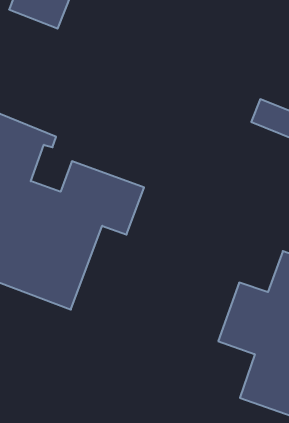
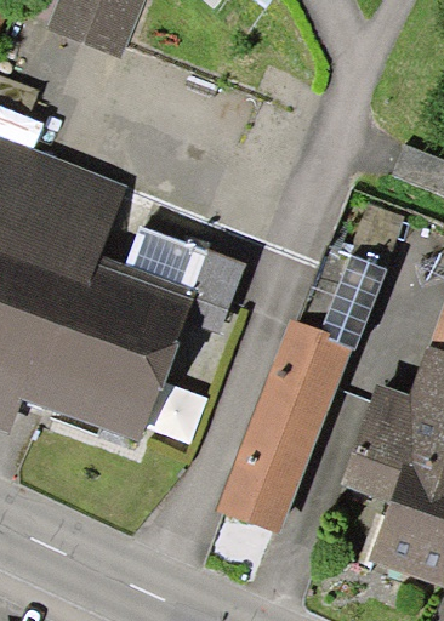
building: none -> [221,249,382,530]

